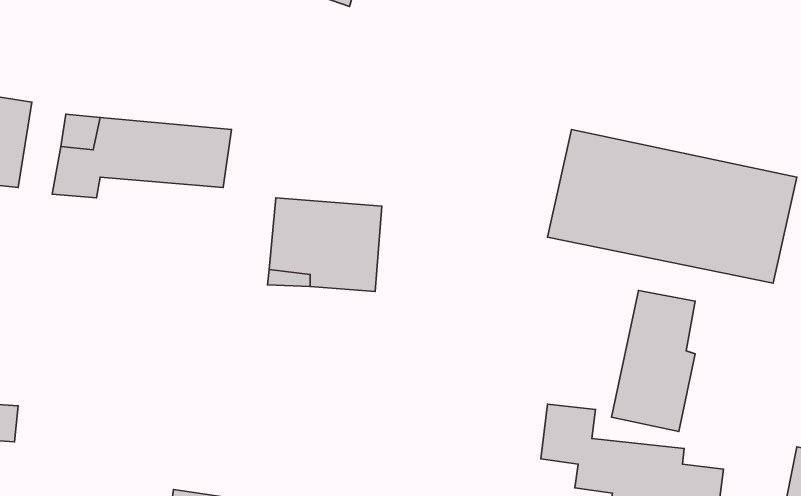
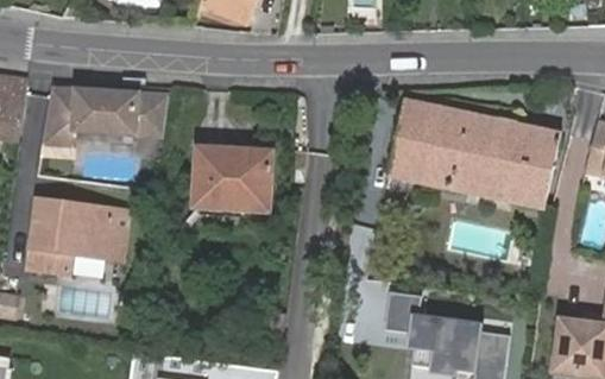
building: none -> [29,200,127,276]
building: [612,291,695,432] -> none

